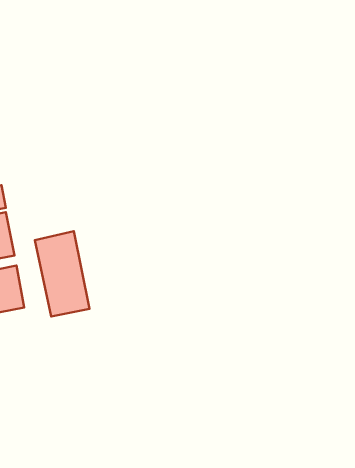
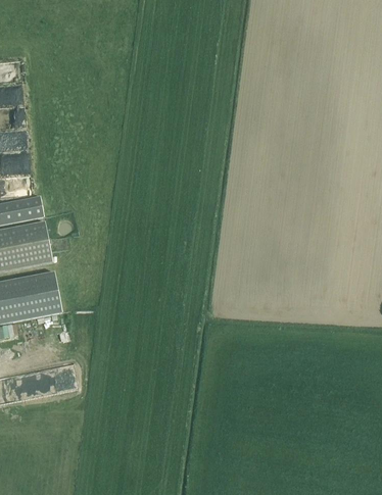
building: [35,231,90,316] -> none

